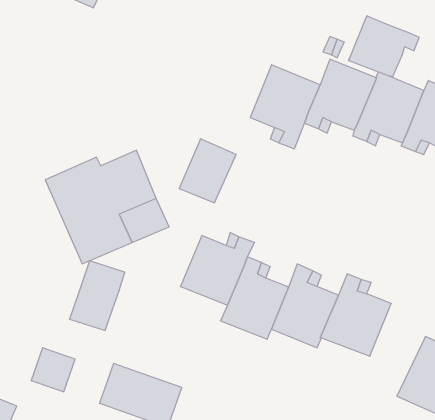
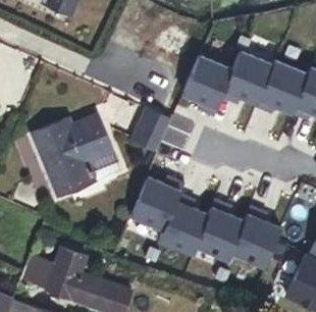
building: [348,16,419,77] -> none
building: [69,261,125,330] -> [47,247,87,297]

